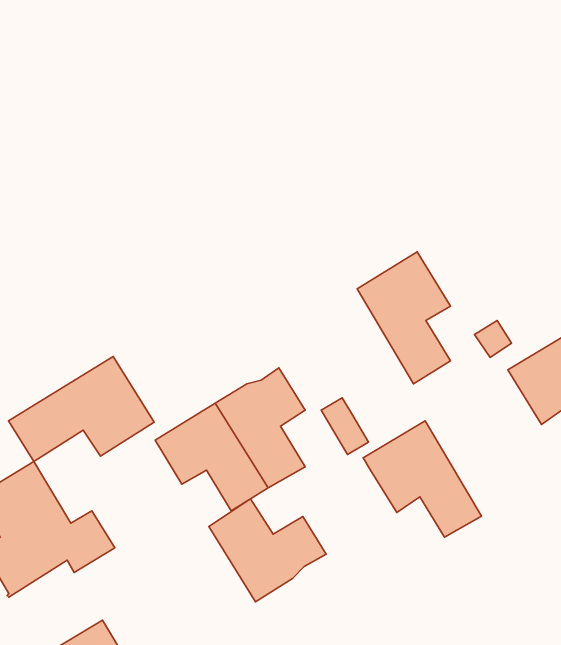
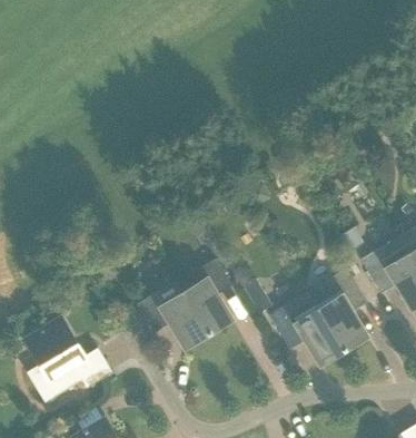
building: [357,252,451,384] -> [309,270,368,353]
building: [9,356,154,461] -> none
building: [209,499,326,602] -> none

